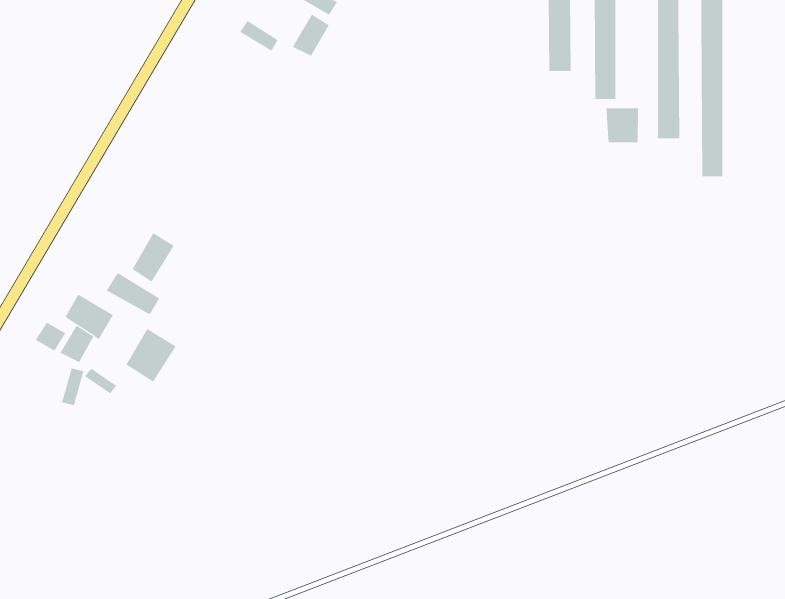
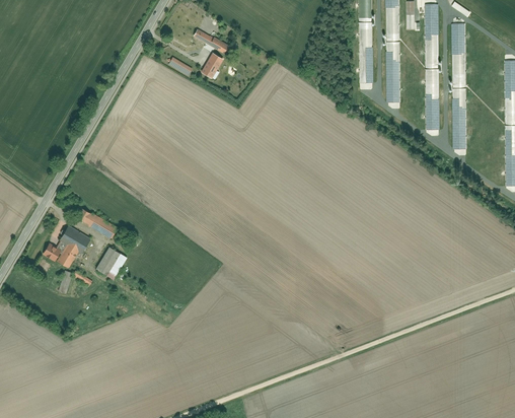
building: [606,107,639,143] -> none
building: [132,232,175,282] -> none

